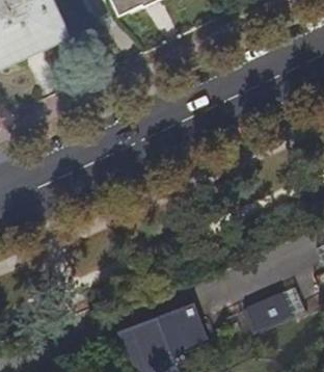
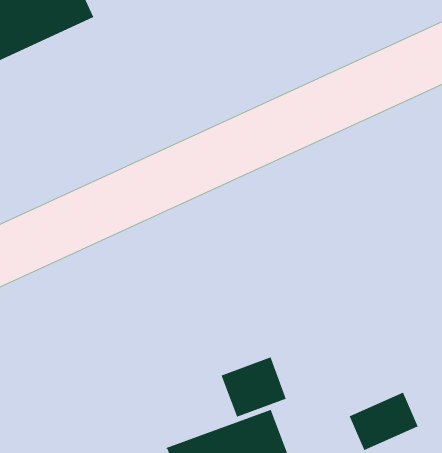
building: none -> [221,357,287,418]

